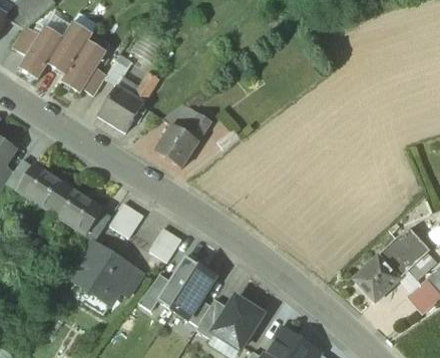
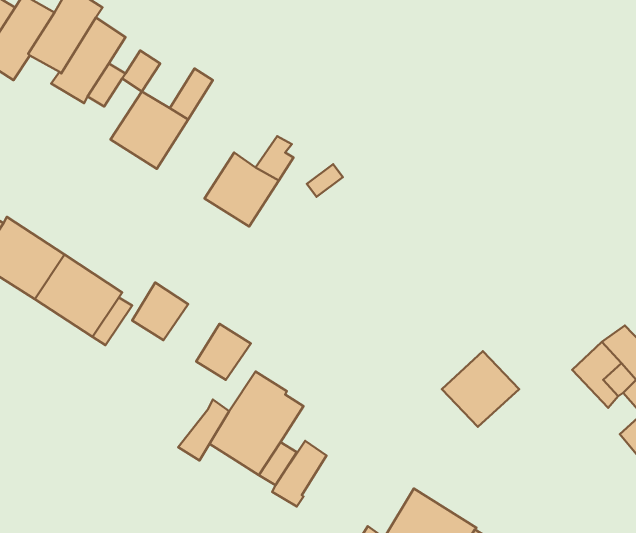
building: [70,242,141,303] -> none
building: [353,255,400,301] -> [442,351,519,427]
building: [213,296,263,348] -> none

